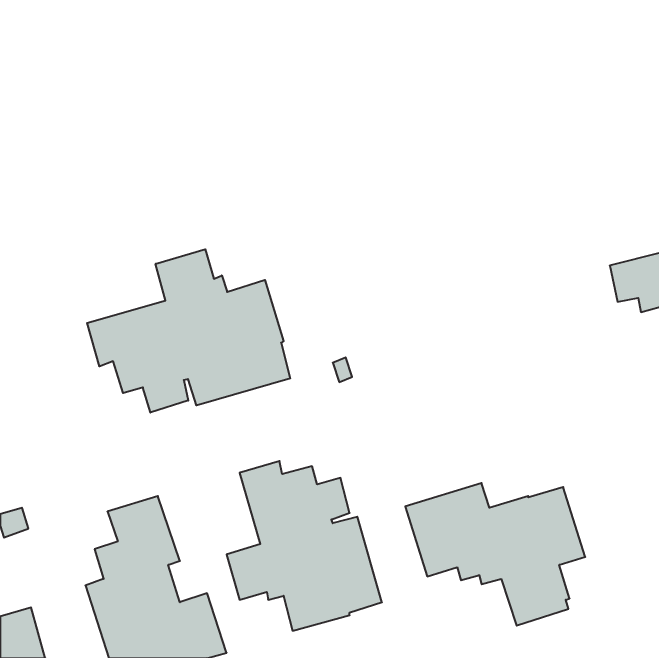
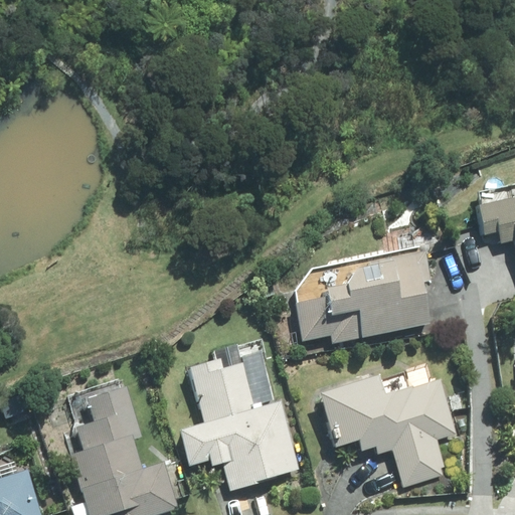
building: [87,249,290,413] -> none
building: none -> [294,249,432,342]

